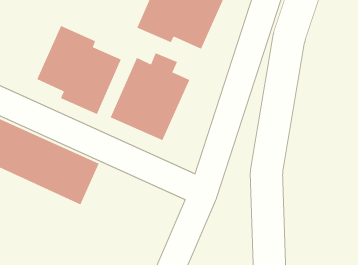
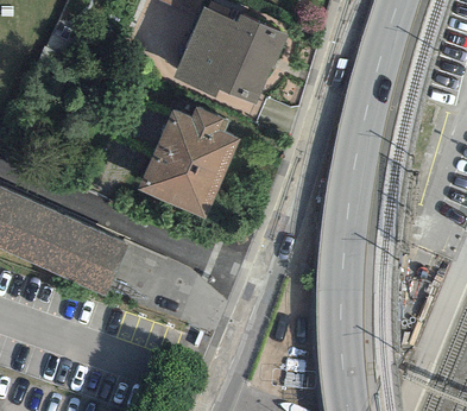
building: [36,25,122,115] -> none

